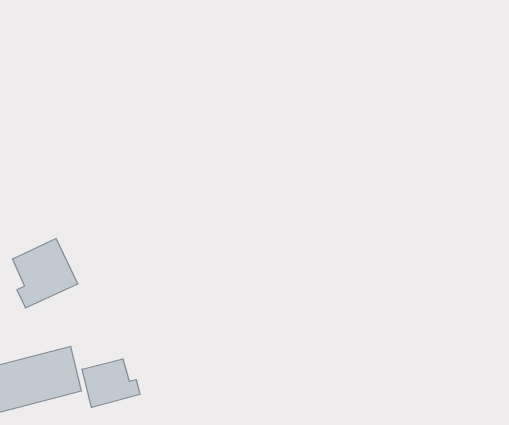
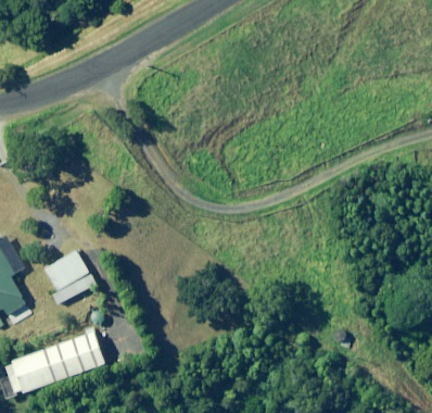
building: [82,359,140,408] -> none

